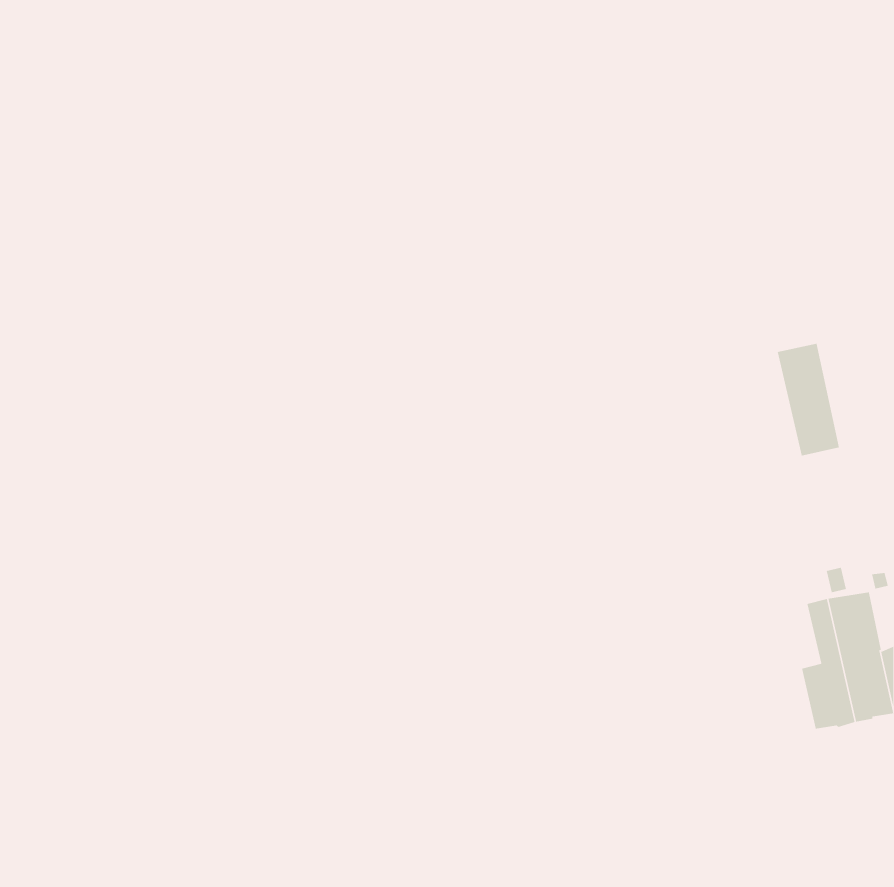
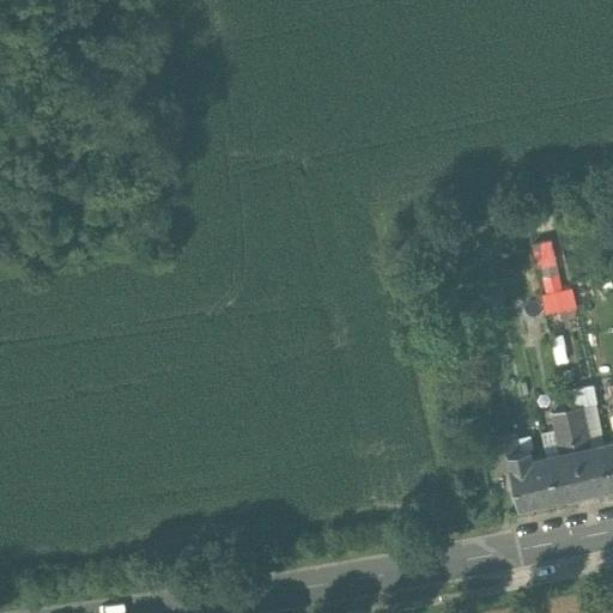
building: none -> [490,438,558,514]

